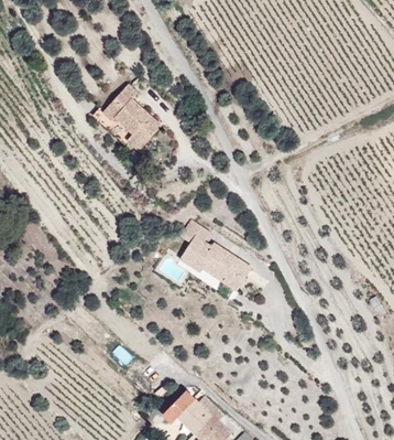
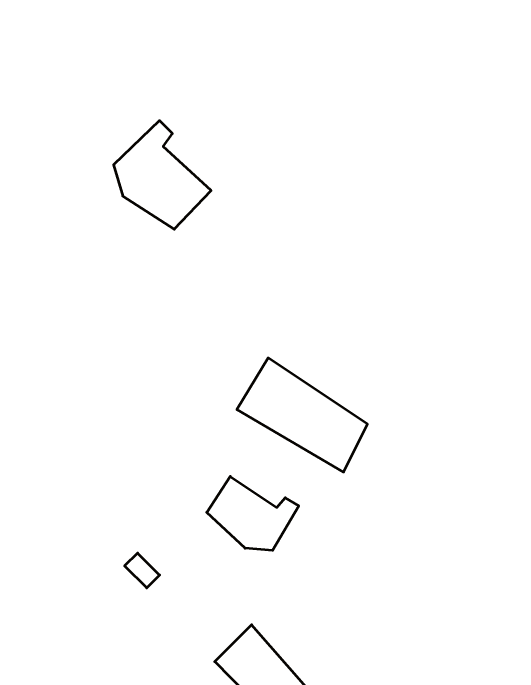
building: none -> [207,476,299,550]

